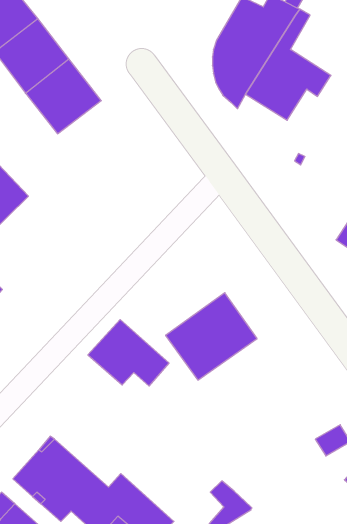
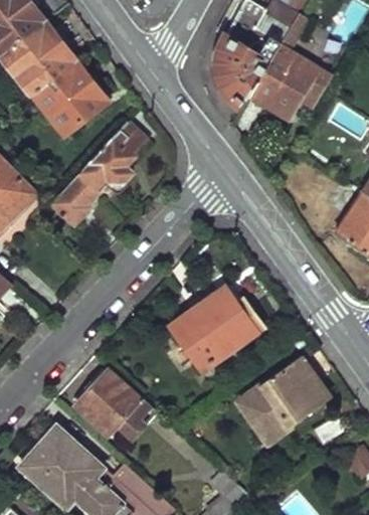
building: none -> [51,122,149,225]
building: [88,320,169,386] -> [77,370,156,435]
building: none -> [240,357,330,441]

